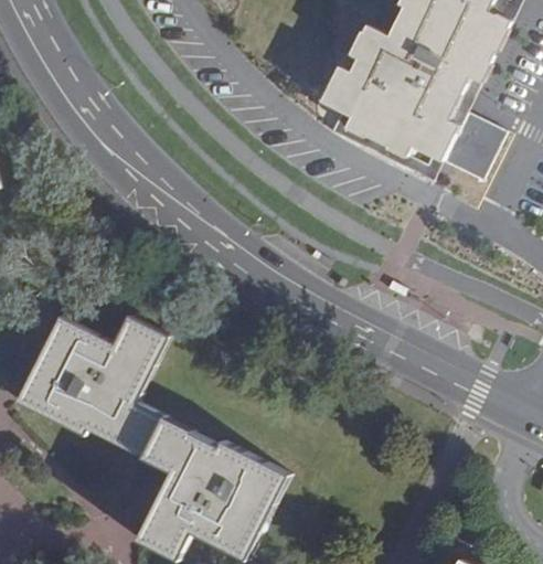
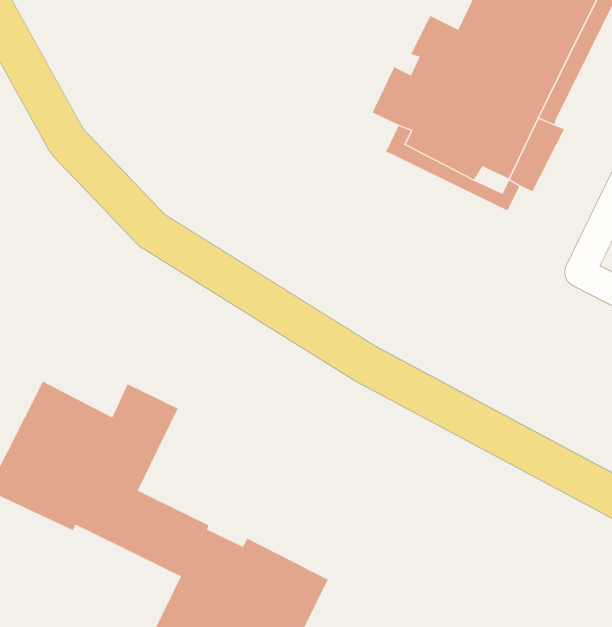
building: [450,115,504,179] -> none

